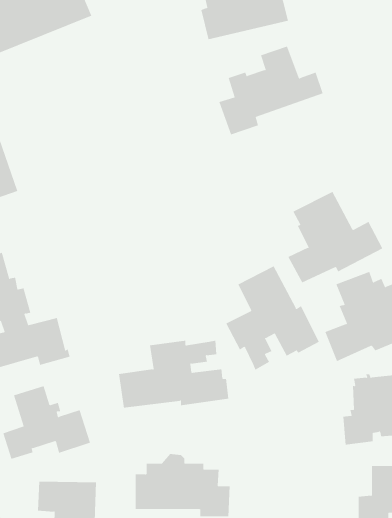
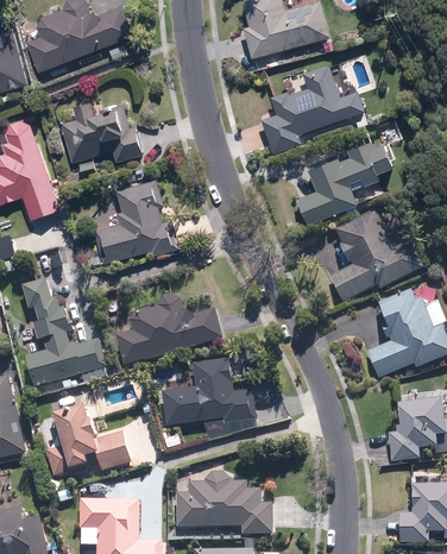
building: none -> [59,101,143,171]
building: none -> [297,124,401,222]
building: none -> [92,178,178,265]
building: [225,266,319,371] -> none
building: none -> [114,294,222,364]

